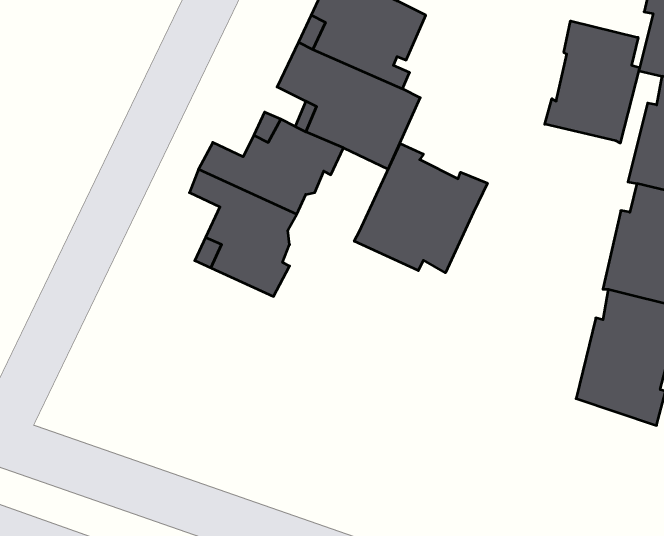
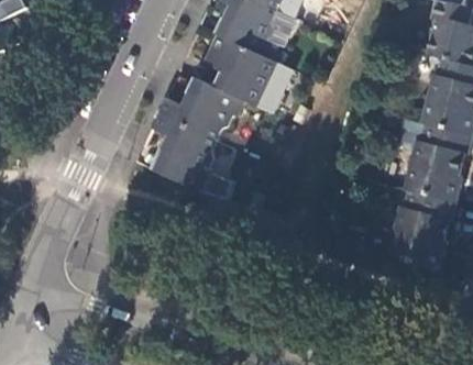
building: [545,21,640,143] -> none
building: [354,143,487,273] -> none

